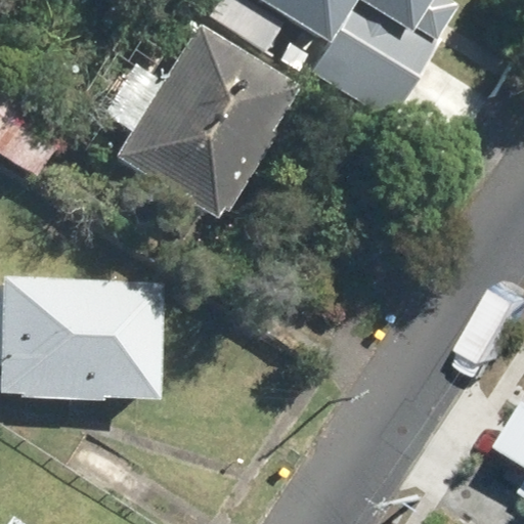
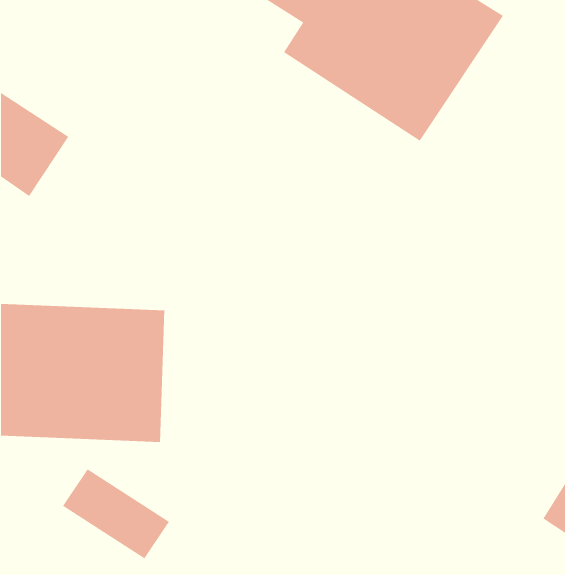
building: [96,23,302,220] -> none

